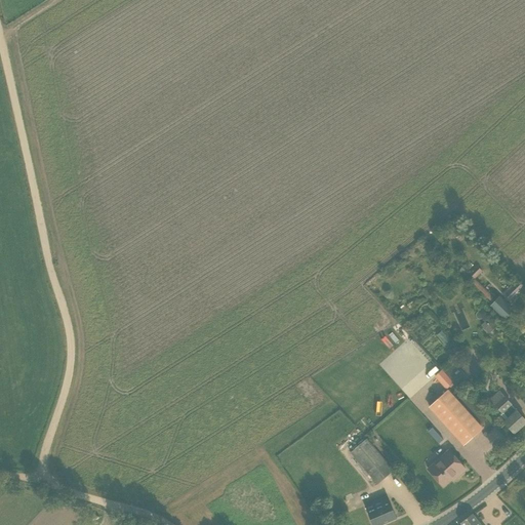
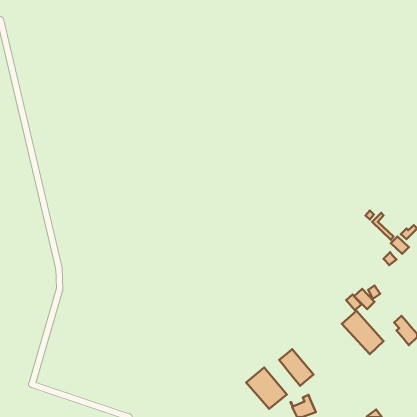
building: [428,449,467,486] -> none
building: none -> [246,367,287,409]

